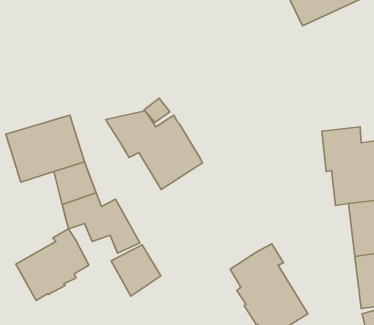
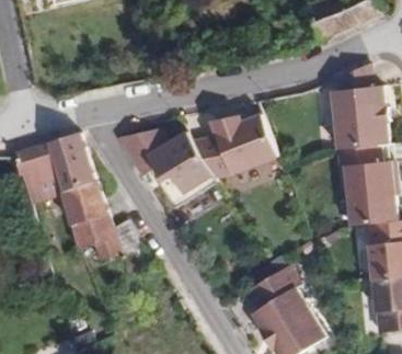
building: none -> [332,61,389,148]
building: none -> [193,113,277,176]
building: [16,229,89,300] -> none
building: [111,245,161,296] -> none

